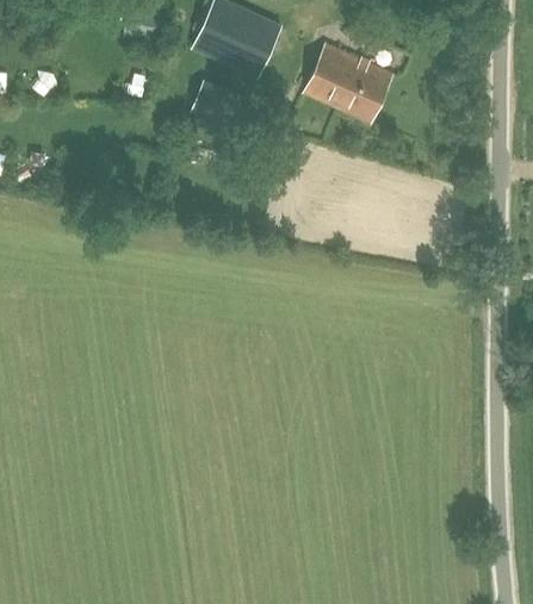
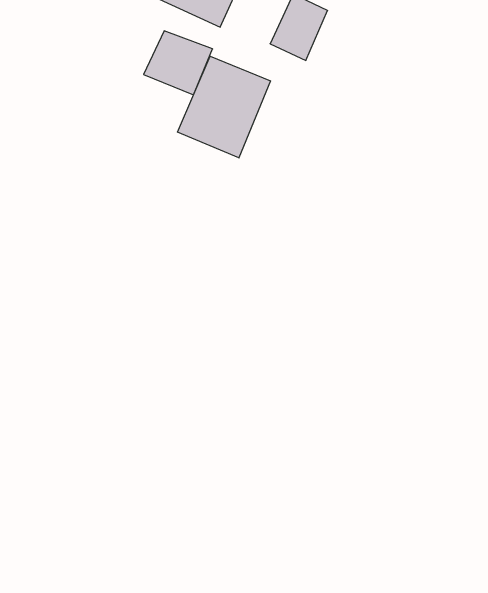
building: [339,60,392,120] -> none
building: none -> [177,56,270,158]

